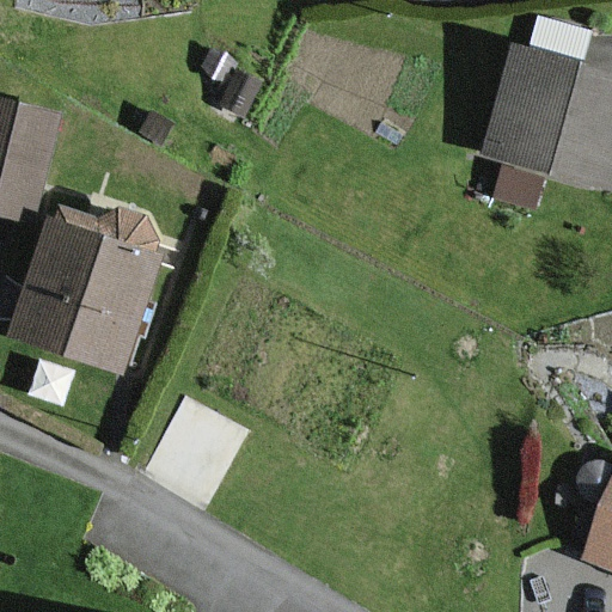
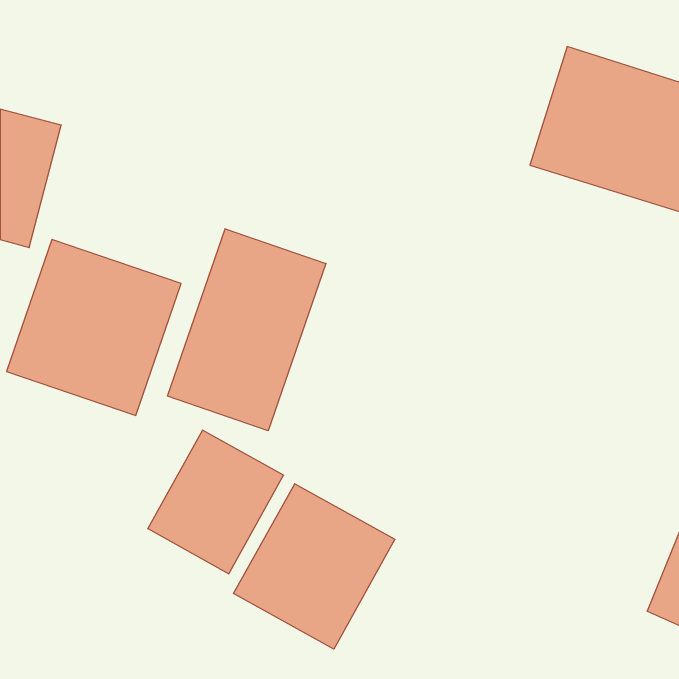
building: none -> [167,229,326,431]
building: none -> [234,484,395,649]

